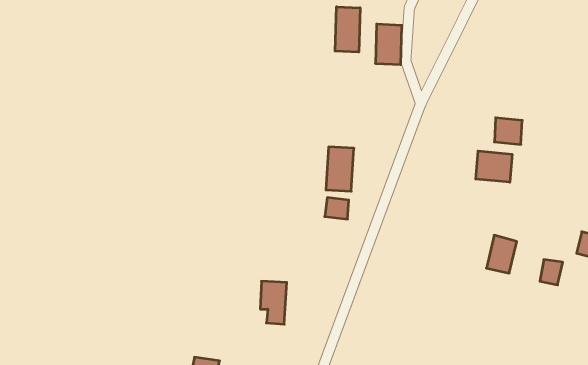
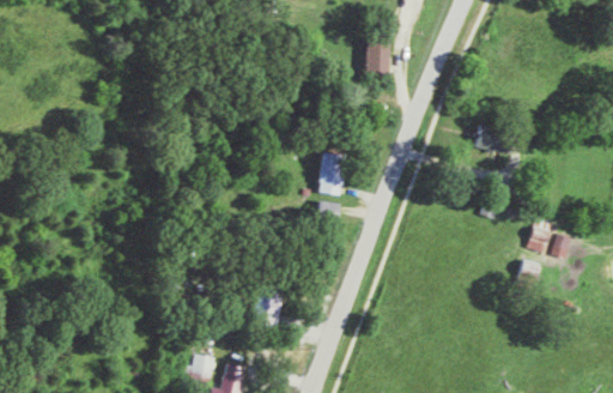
building: [335,7,360,52] -> none
building: [476,151,512,182] -> none
building: [486,235,517,273] -> [529,218,558,254]

